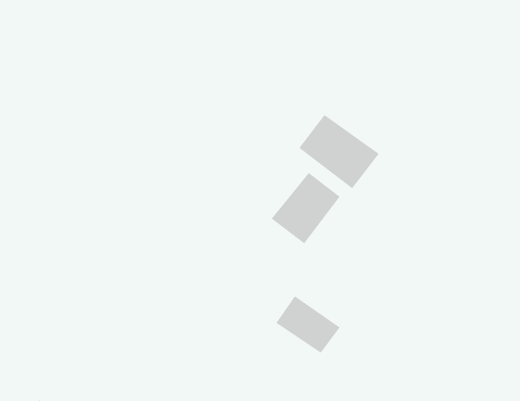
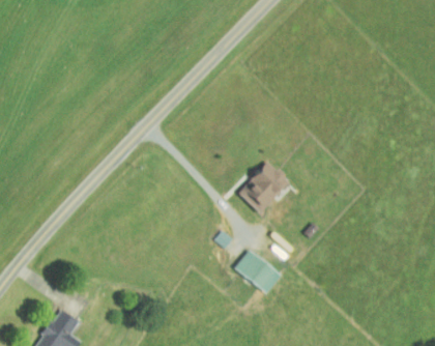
building: [299,114,379,189] -> none

